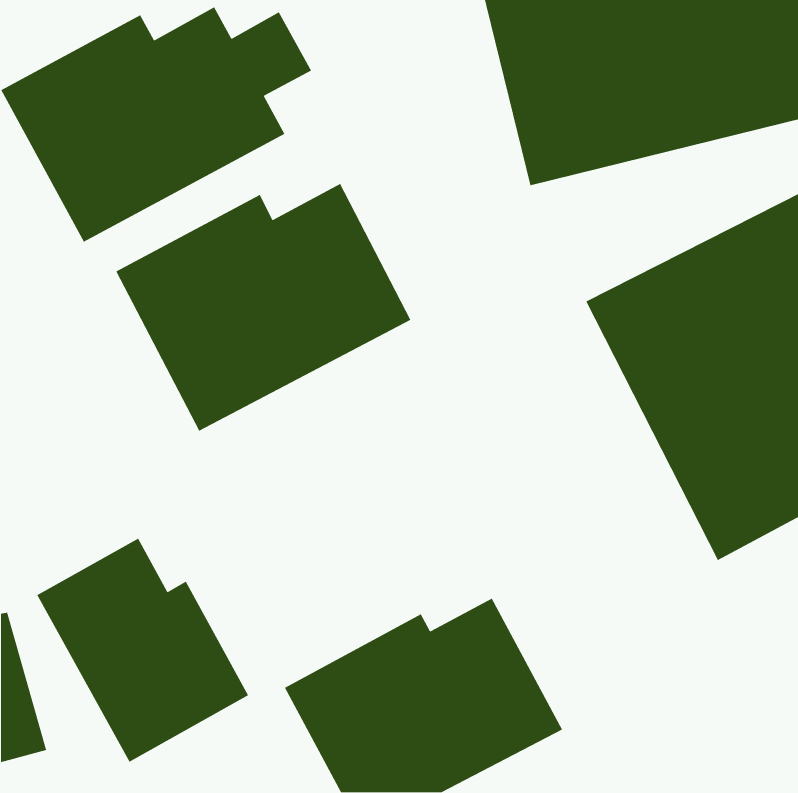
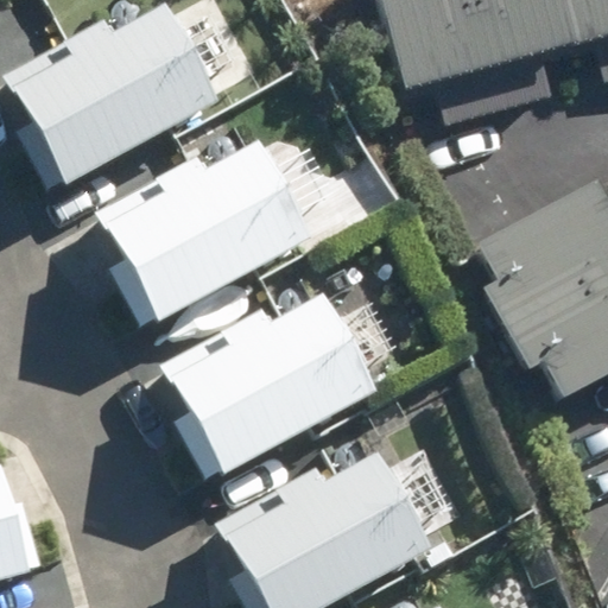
building: none -> [162,287,380,476]
building: [36,537,249,763] -> none

